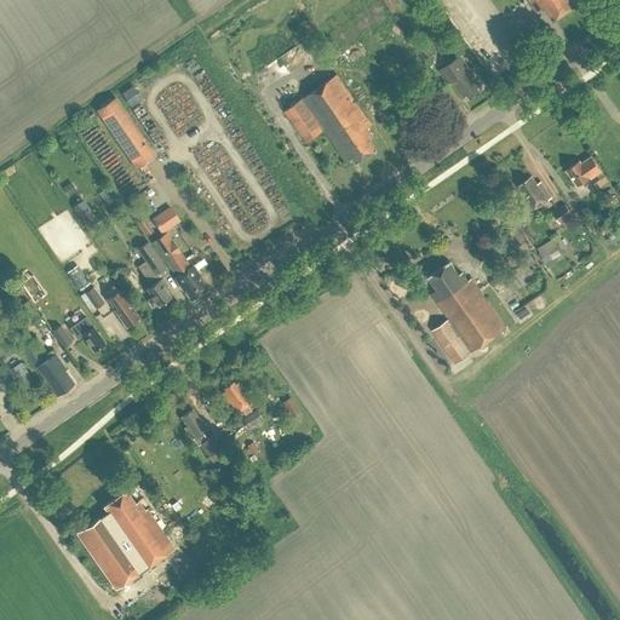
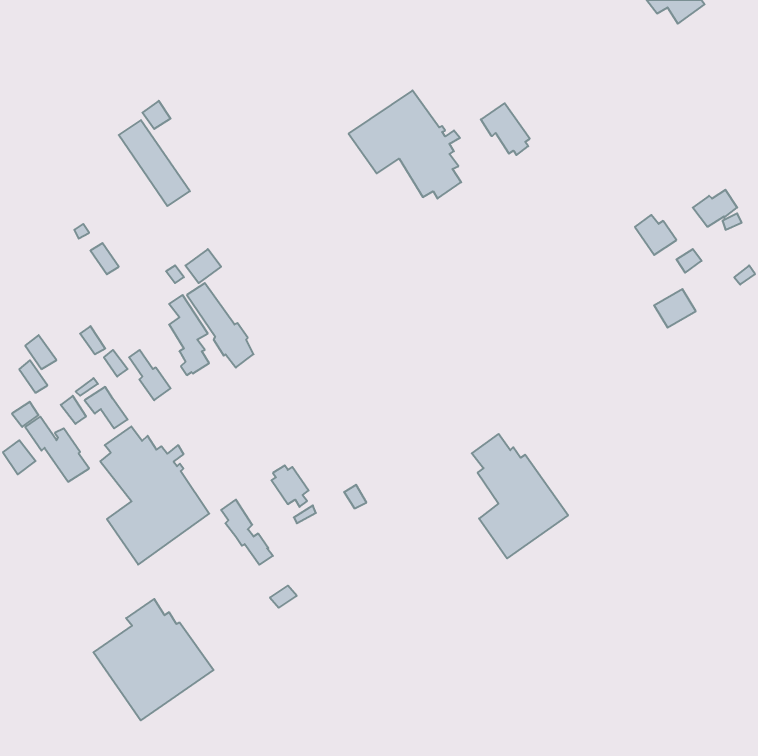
building: [441,57,481,99] -> [481,103,530,155]
building: [427,262,506,363] -> [472,434,568,558]
building: none -> [100,426,209,565]

